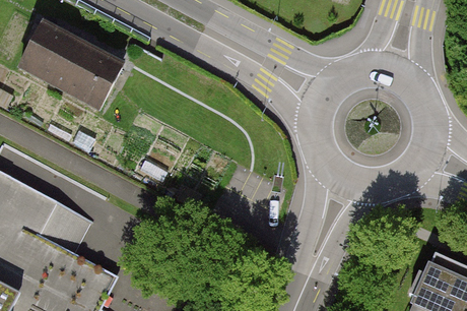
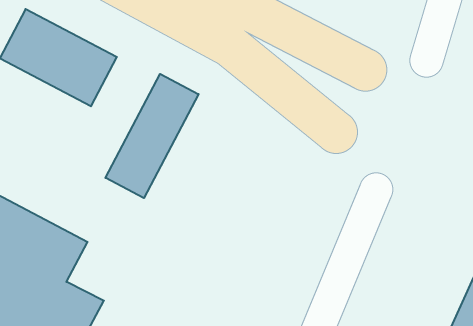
building: none -> [105,74,199,198]

